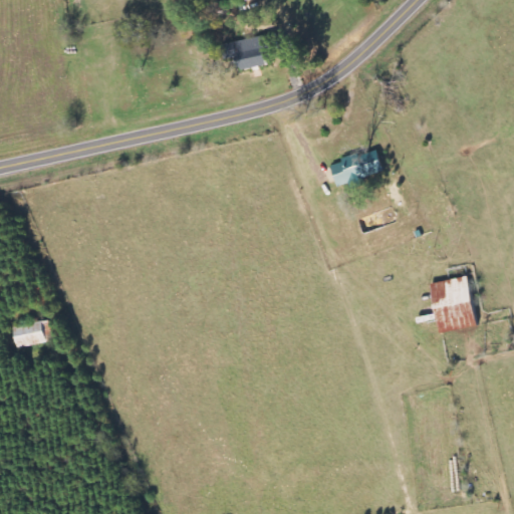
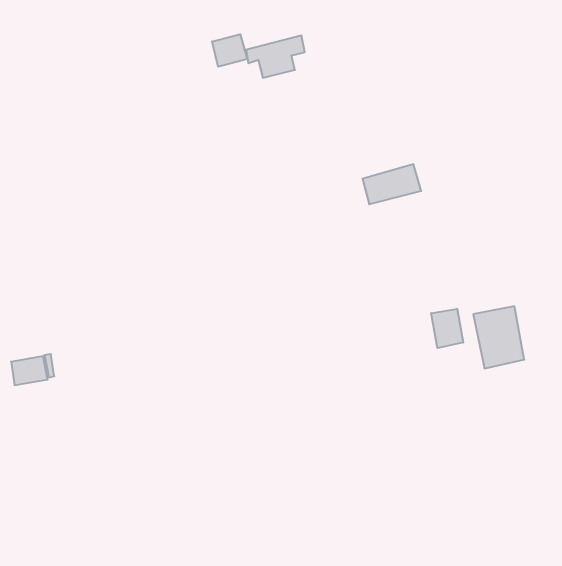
building: none -> [212,34,247,67]
building: none -> [431,309,463,348]

